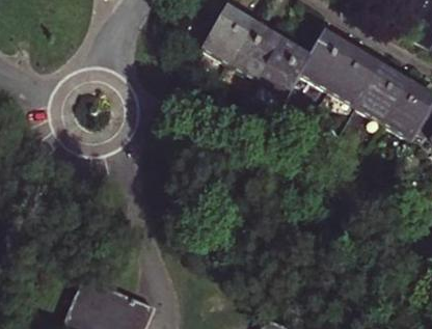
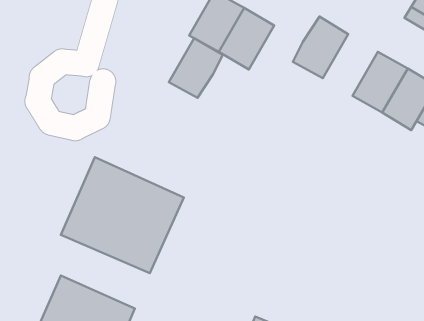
building: [260,40,310,97] -> [169,38,223,98]
building: [329,49,381,107] -> none
building: none -> [61,157,184,273]

